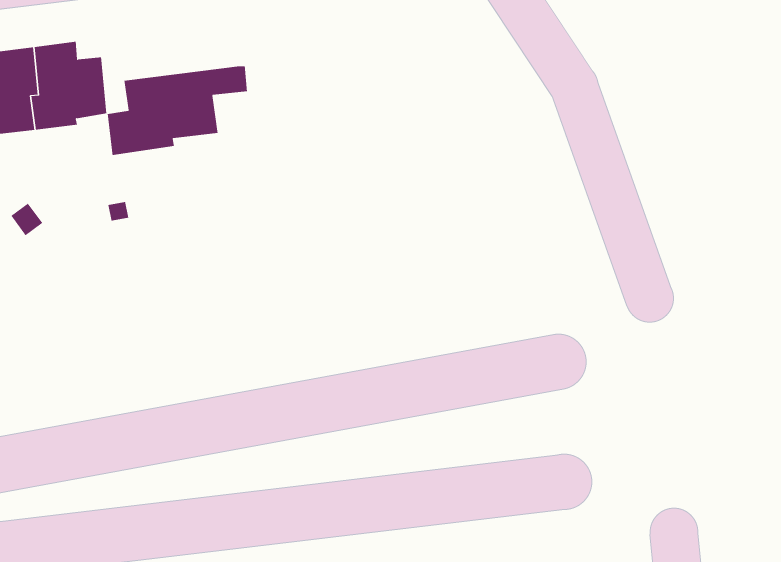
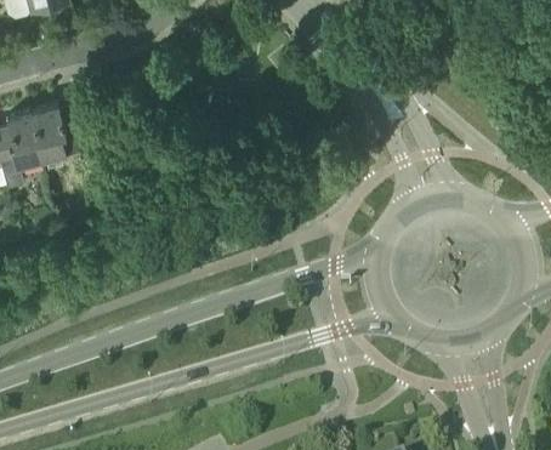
building: [107,65,247,156] -> none

